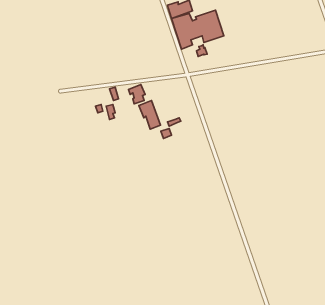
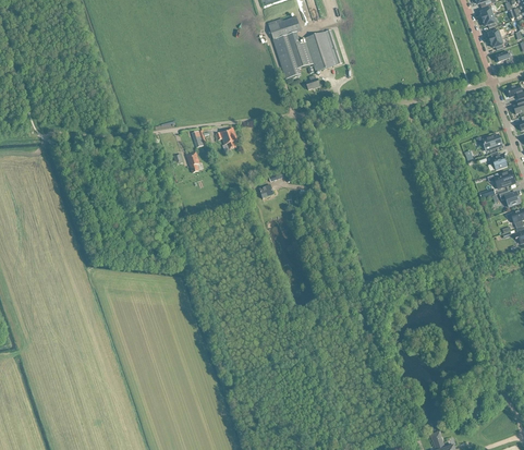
building: [139,100,161,129] -> none

